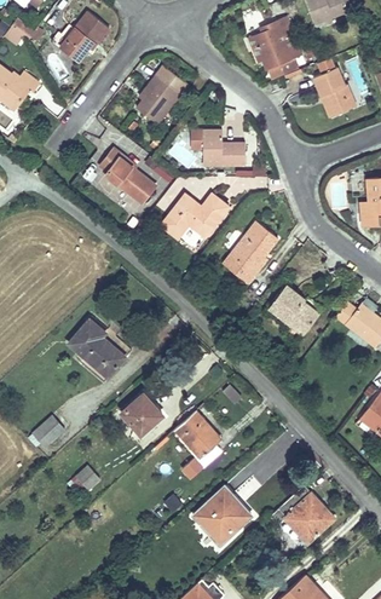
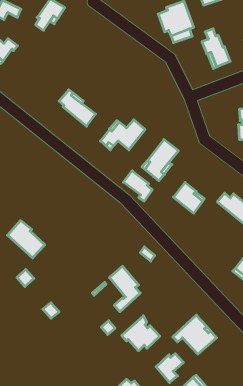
building: [137,65,187,125] -> none
building: [203,129,246,165] -> none
building: none -> [123,171,152,201]
building: [69,321,125,376] -> [7,221,45,258]
building: [121,394,161,434] -> none
building: none -> [156,354,183,383]

